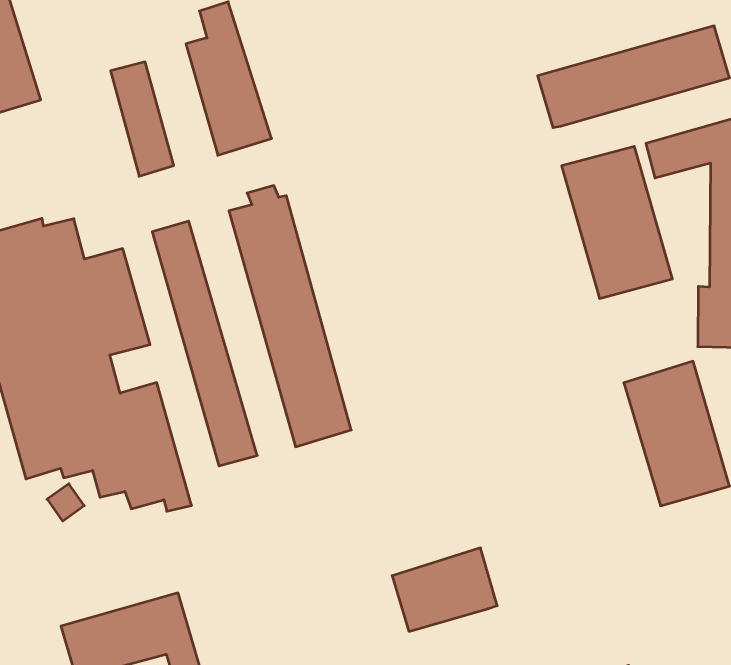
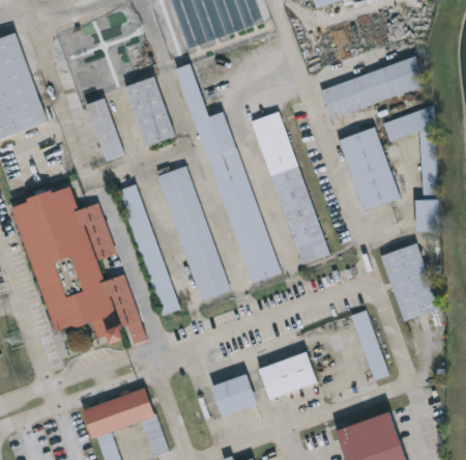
building: none -> [174,62,282,284]
building: none -> [249,111,329,266]
building: none -> [350,310,387,380]
building: none -> [212,374,258,415]

